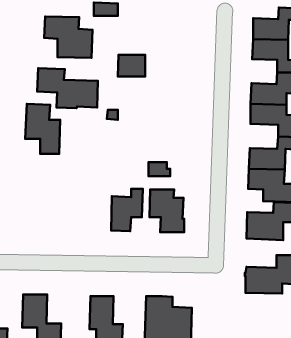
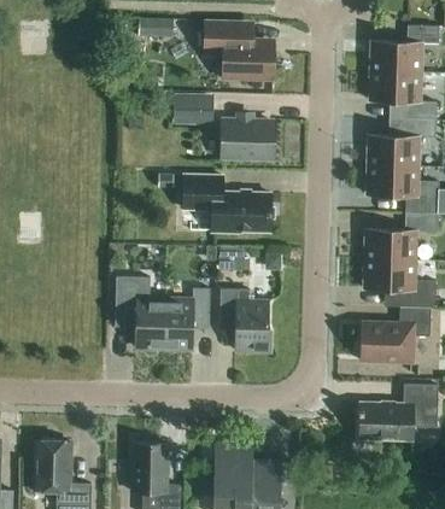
building: [44,16,92,58] -> [204,21,274,81]
building: [37,68,98,108] -> [183,175,271,233]
building: none -> [223,121,273,158]
building: [25,104,60,154] -> [115,276,165,349]

